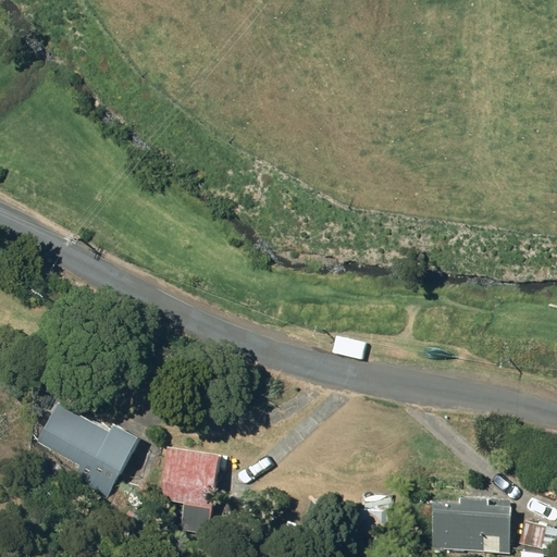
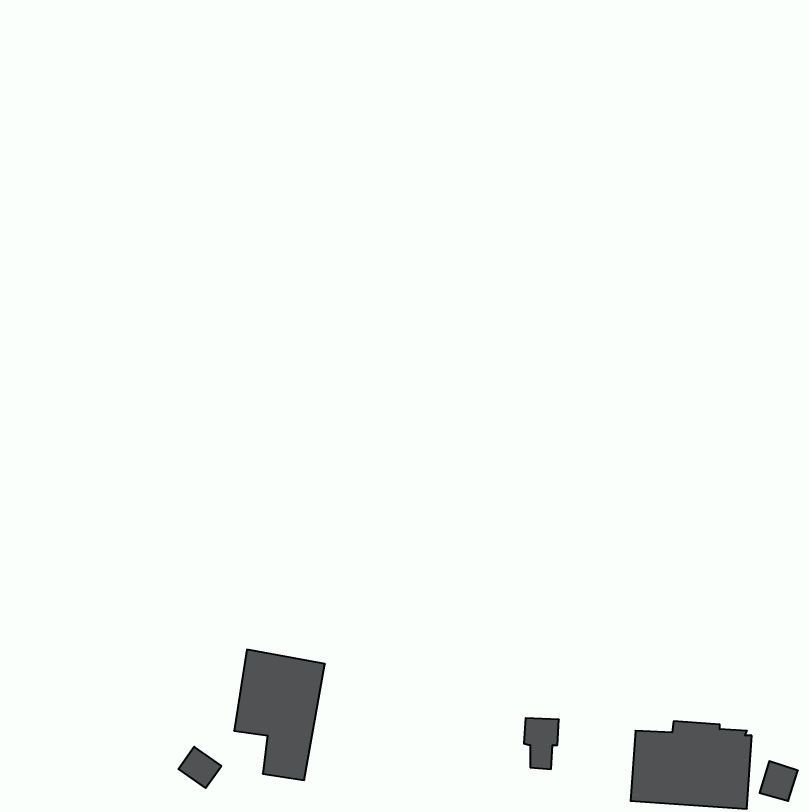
building: [36,401,141,497] -> none

